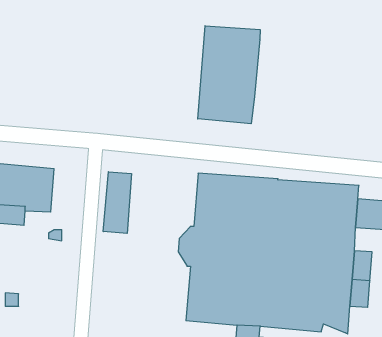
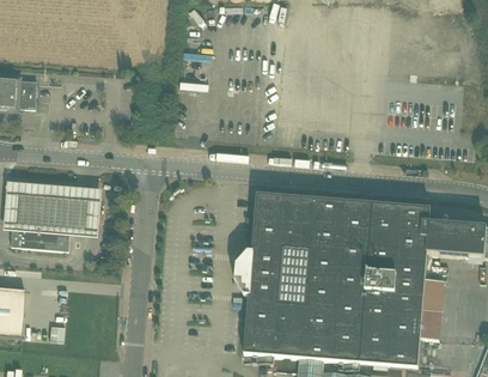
building: [198,26,260,124] -> none
building: [103,172,131,233] -> none

